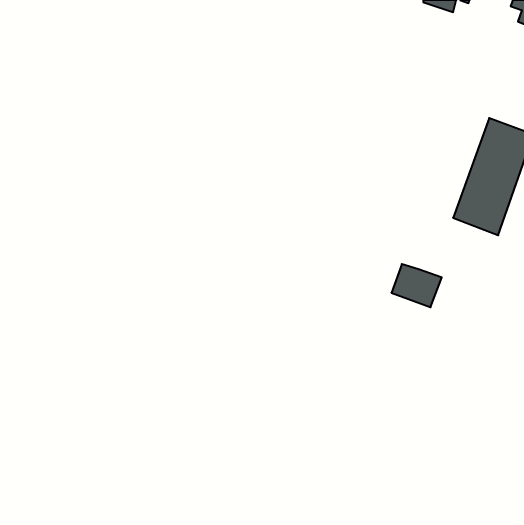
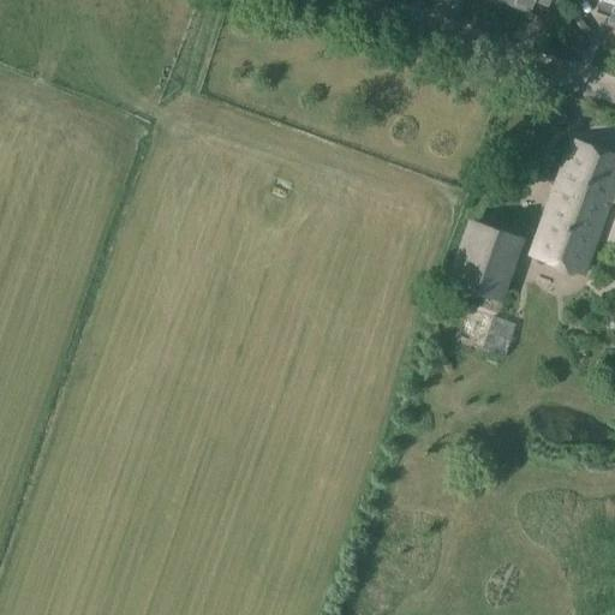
building: none -> [450,220,523,300]

